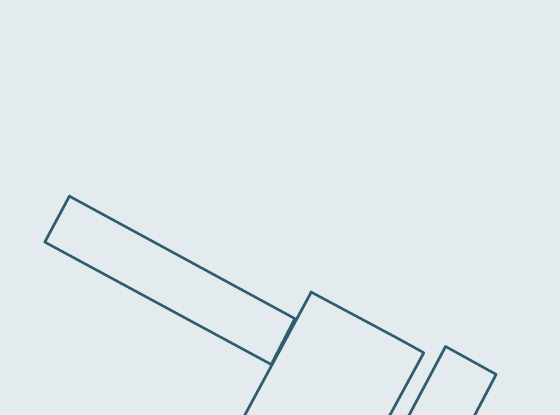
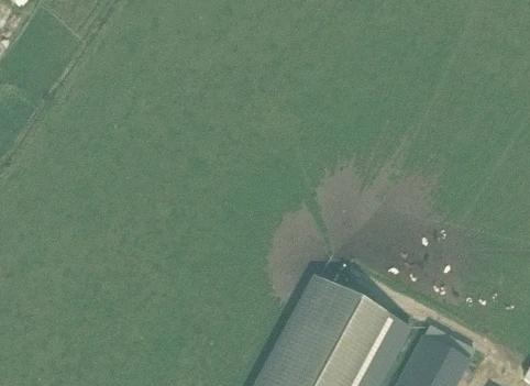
building: [45,196,295,364] -> none

